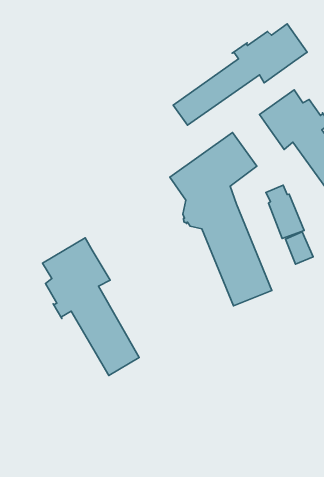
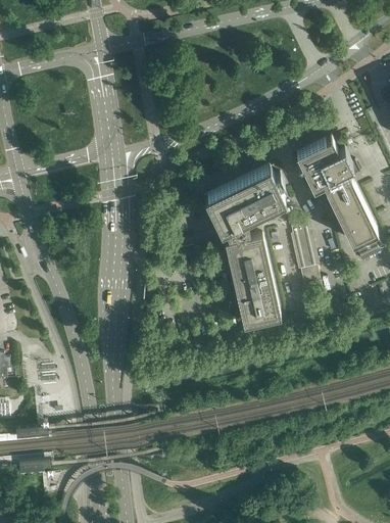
building: [173,24,307,125] -> none
building: [42,238,139,376] -> none

